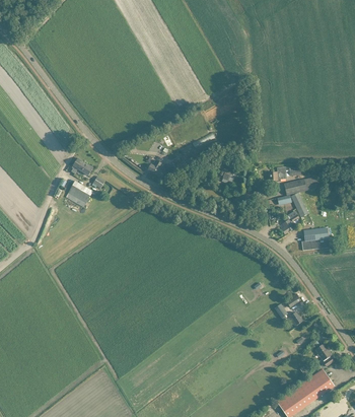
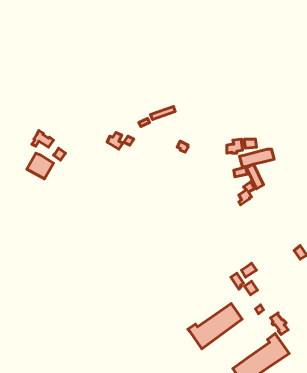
building: [301,227,329,250] -> none
building: none -> [188,304,242,349]

